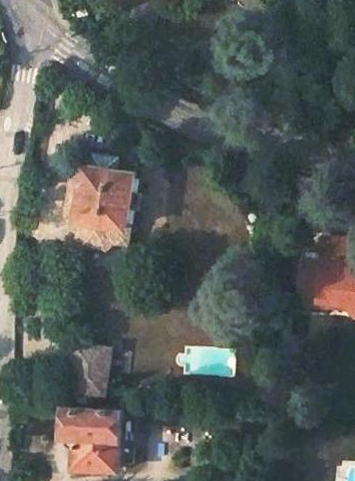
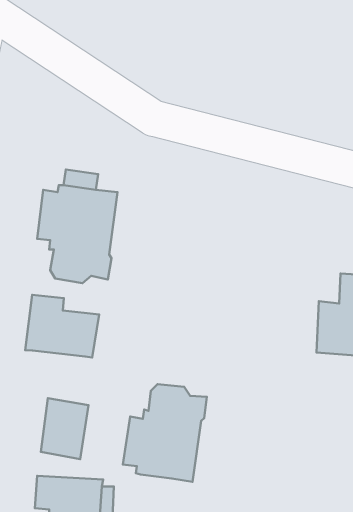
building: none -> [25,295,99,358]
building: none -> [123,384,207,482]

